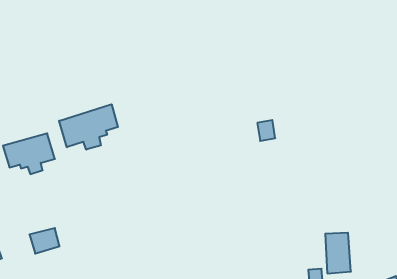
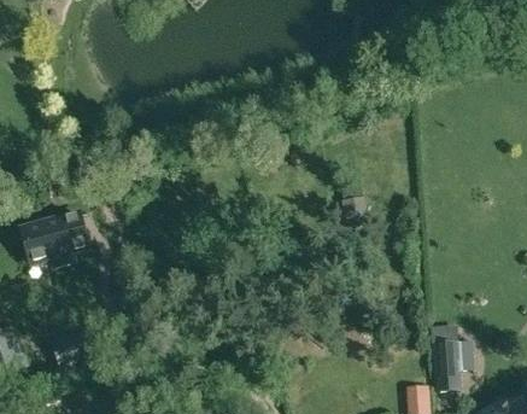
building: [59,104,118,150] -> none

